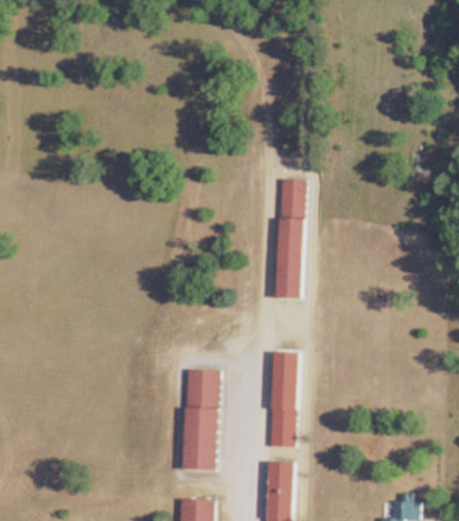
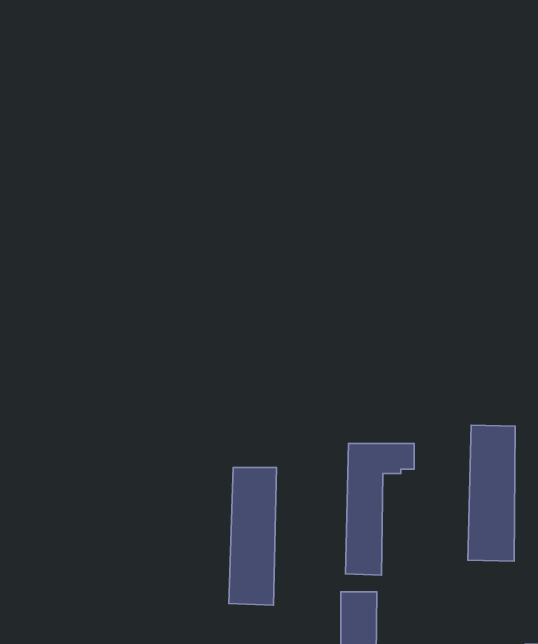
building: [276,178,305,299] -> none
building: none -> [468,425,515,561]

